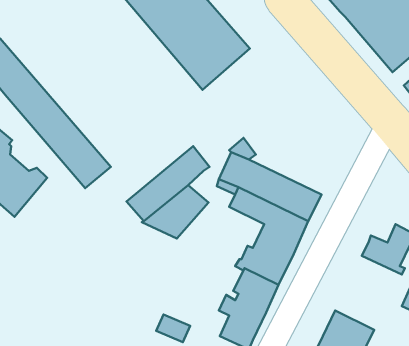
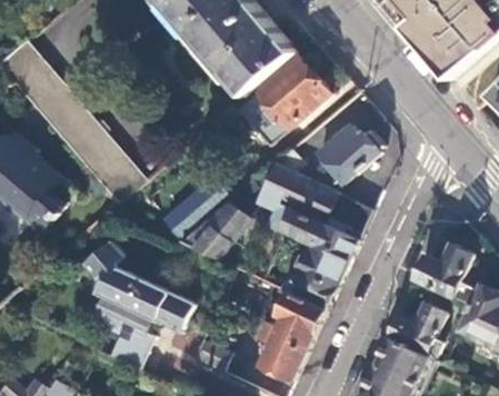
building: none -> [236,58,329,148]
building: none -> [316,125,382,184]
building: none -> [82,240,191,369]
building: none -> [387,303,446,359]

